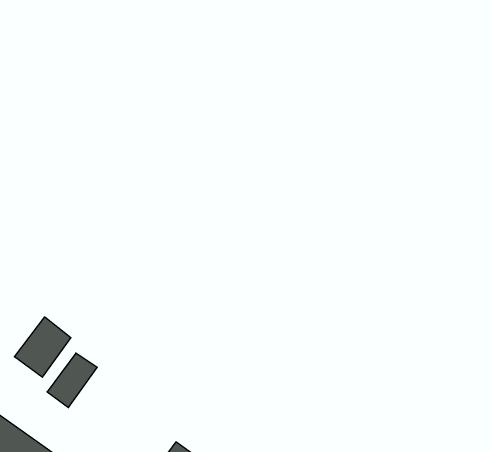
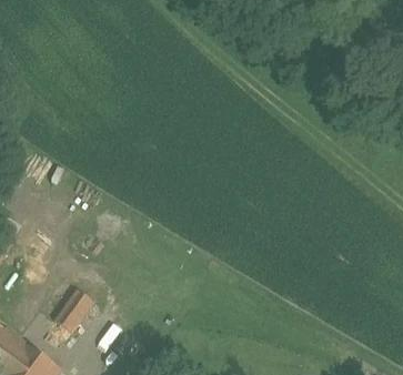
building: [14,317,71,377] -> none

